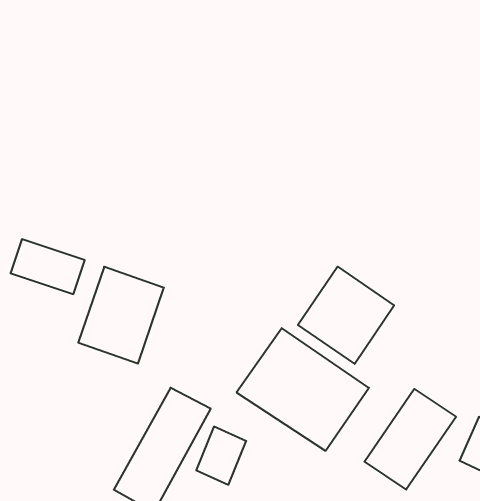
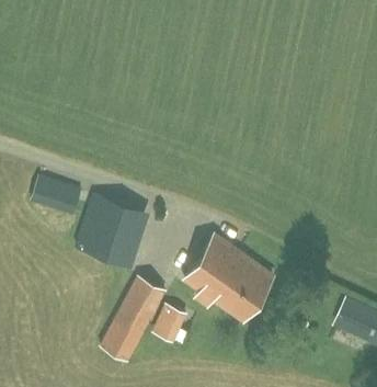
building: [298,267,394,364] -> none
building: [364,389,456,490] -> none

